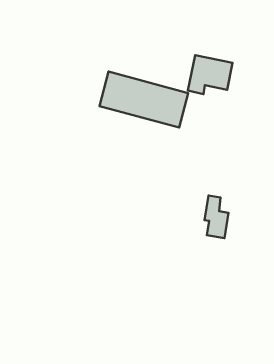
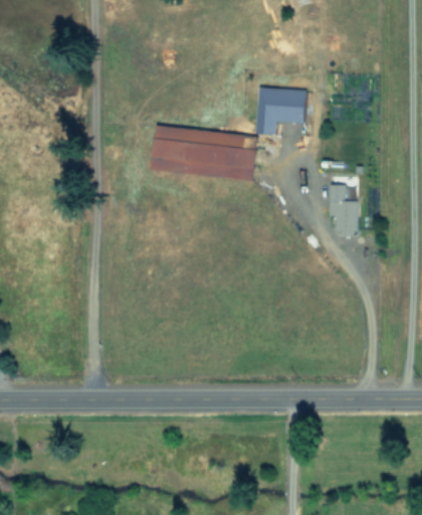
building: [205,195,229,238] -> [330,184,358,233]

